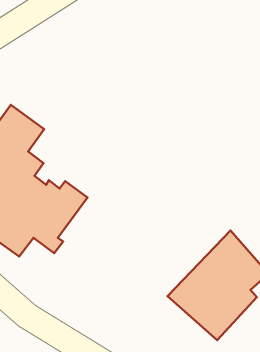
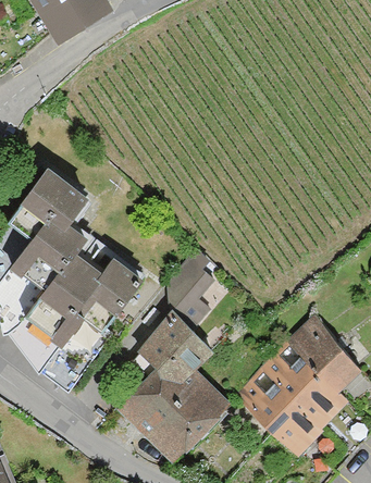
building: none -> [122,247,227,455]

